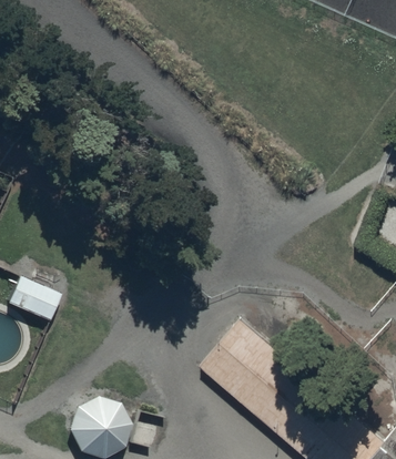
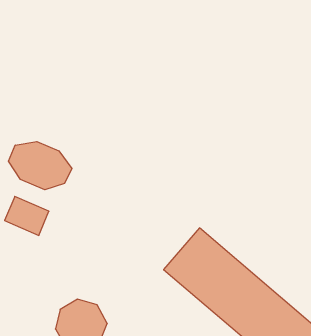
building: none -> [8,142,72,190]

